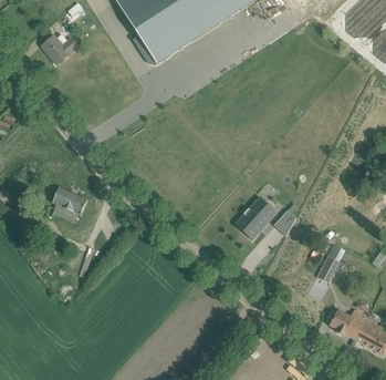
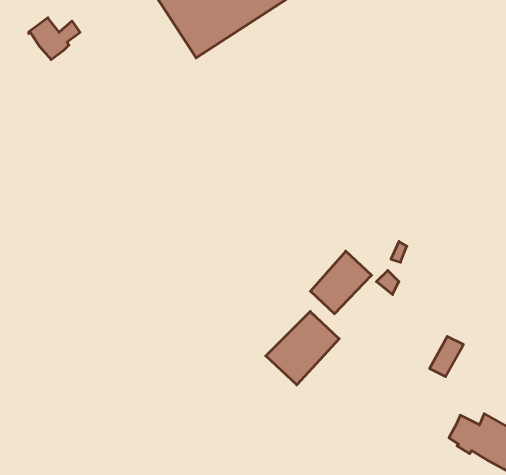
building: [45,186,86,222] -> none
building: none -> [266,311,339,385]

